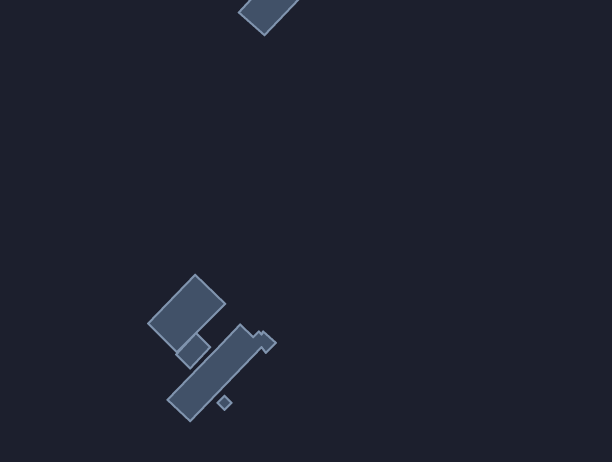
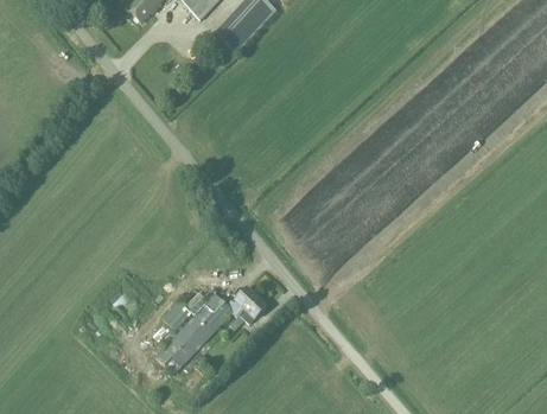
building: [148,275,225,352] -> none
building: none -> [230,286,267,327]

